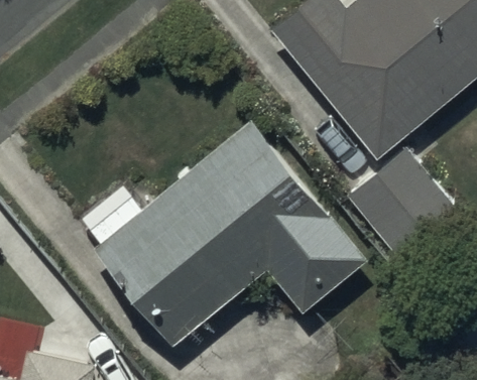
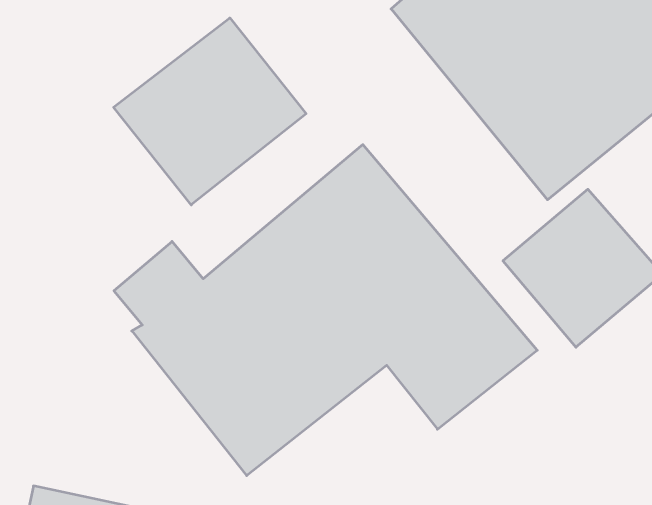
building: none -> [114,18,306,205]

